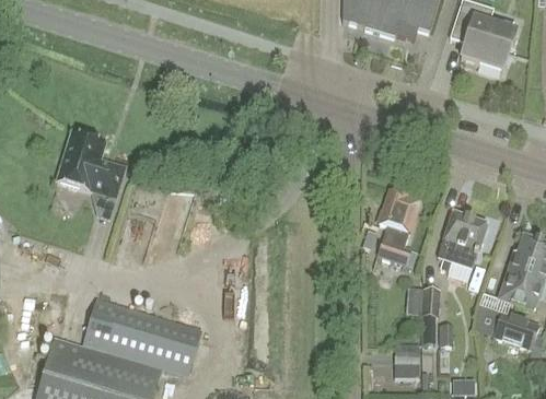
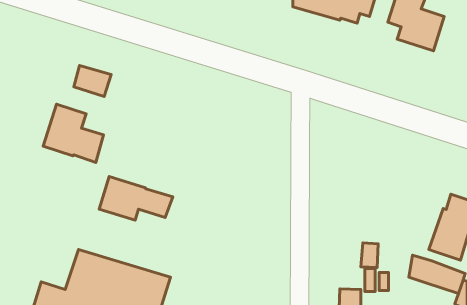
building: none -> [74,66,111,96]
building: [379,190,420,265] -> none
building: [439,212,488,269] -> none
building: none -> [99,177,173,220]

